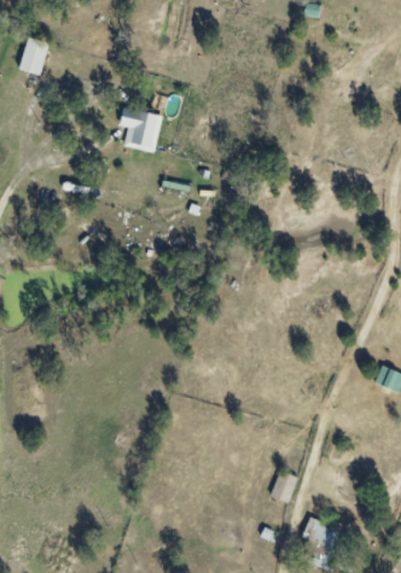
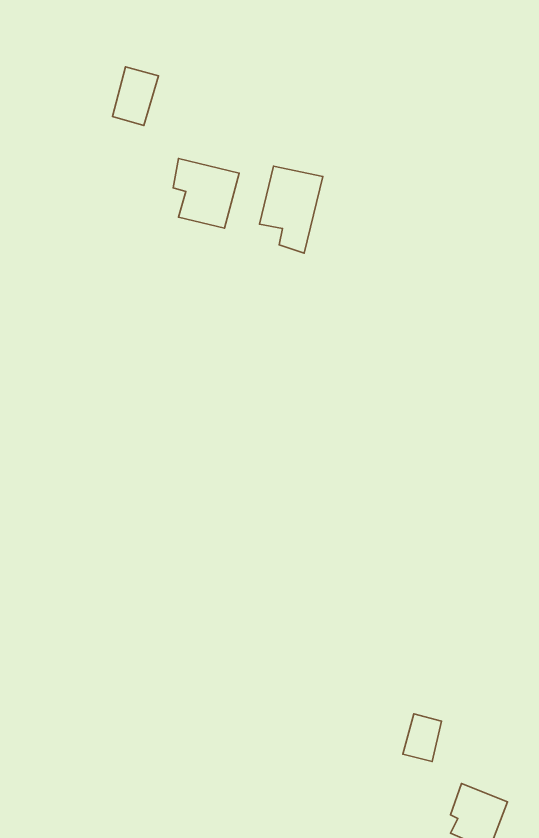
building: [19,37,50,76] -> [113,67,159,126]
building: none -> [259,166,323,253]

